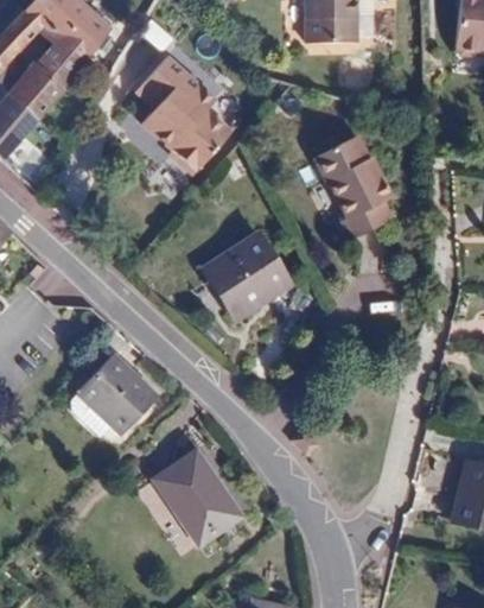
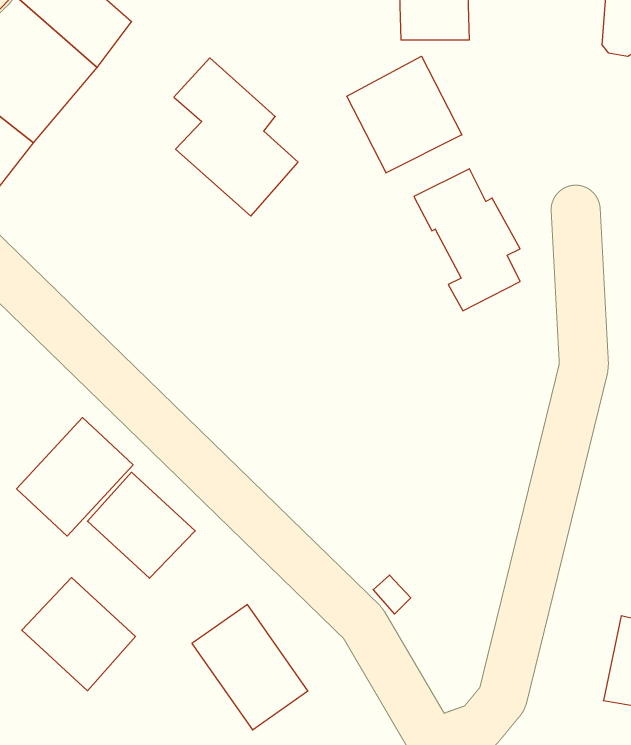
building: none -> [347,56,462,173]
building: [203,233,288,317] -> none
building: none -> [17,418,133,536]
building: none -> [22,578,135,691]

